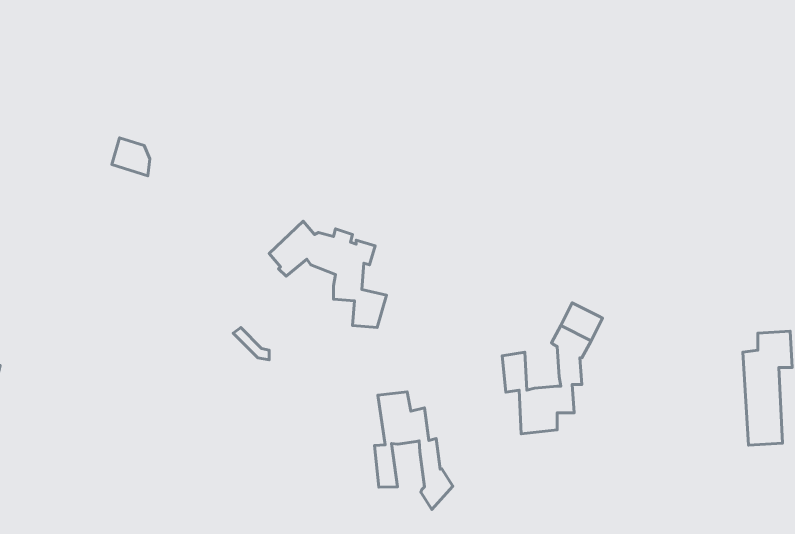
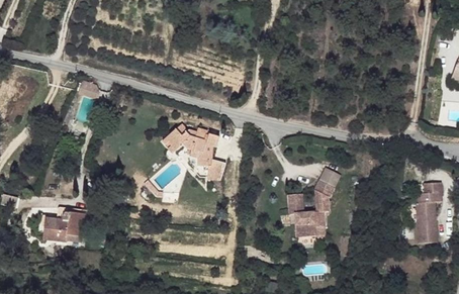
building: none -> [42,208,86,240]
building: [374,392,453,510] -> none

